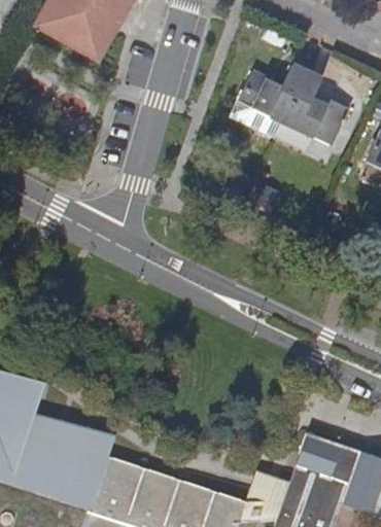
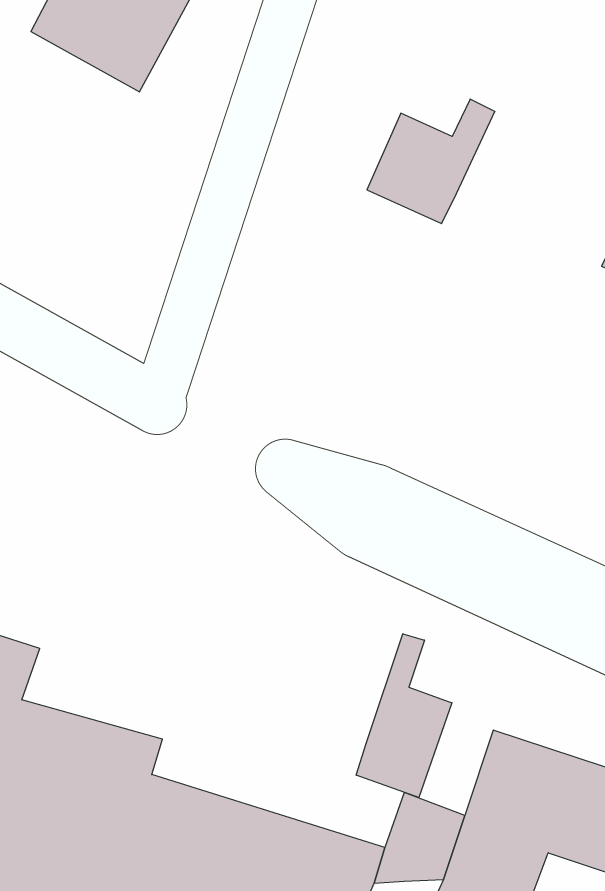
building: [284,73,346,145] -> none
building: none -> [356,634,452,798]

